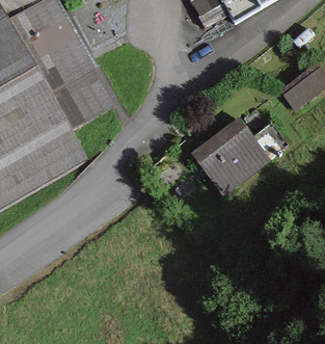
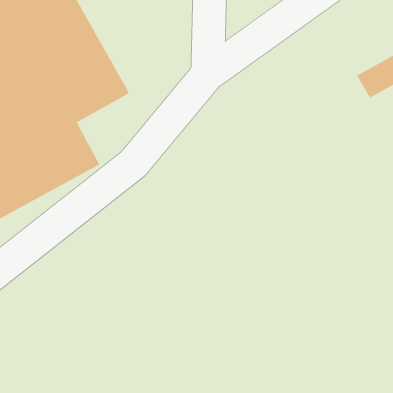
building: [192,120,267,192] -> none

